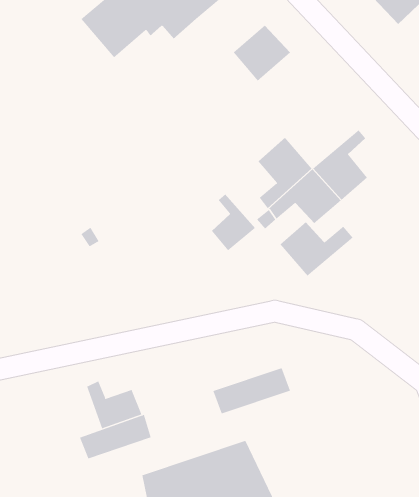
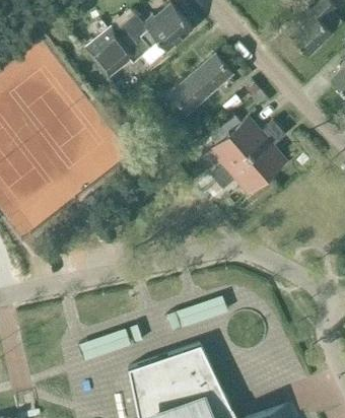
building: none -> [168,74,208,115]
building: [211,193,256,251] -> none
building: [280,221,354,277] -> [227,117,279,155]
building: [86,381,142,429] -> none

